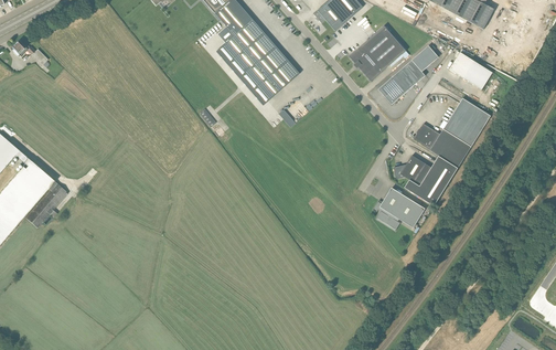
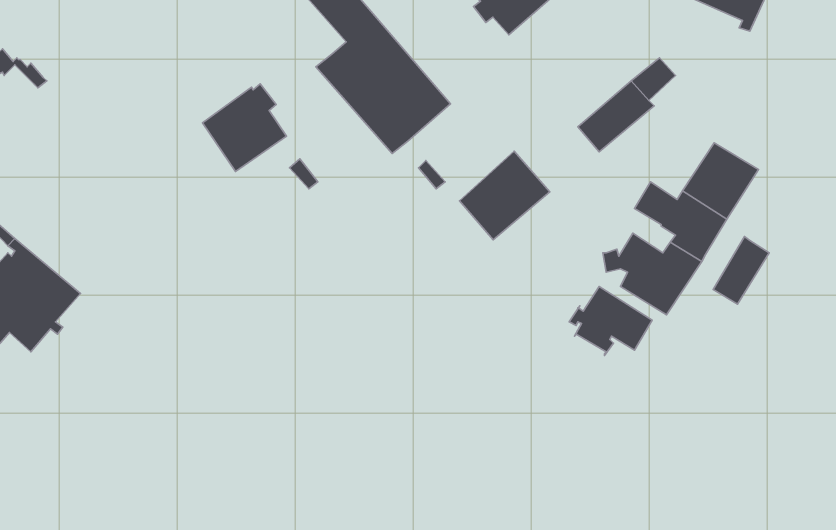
building: [350,25,406,81] -> [459,151,550,240]
building: [450,52,493,89] -> none
building: none -> [203,84,286,171]
building: none -> [713,237,769,304]

